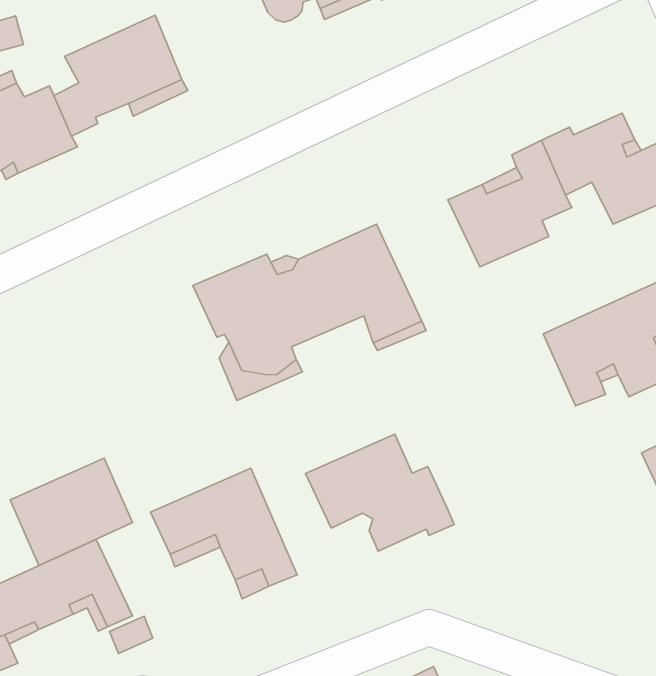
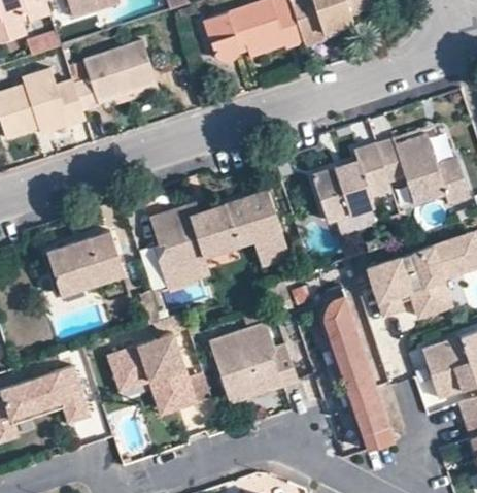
building: none -> [322,286,401,449]
building: [10,458,132,566] -> [49,233,125,296]
building: none -> [218,368,279,403]

